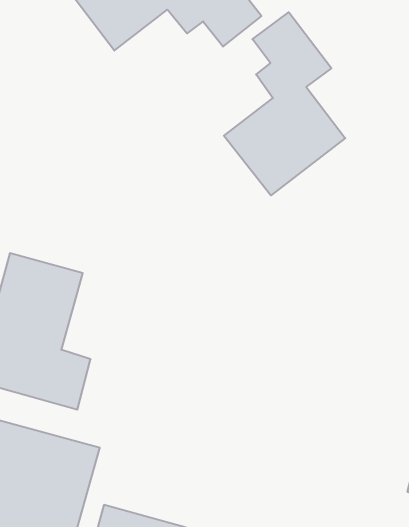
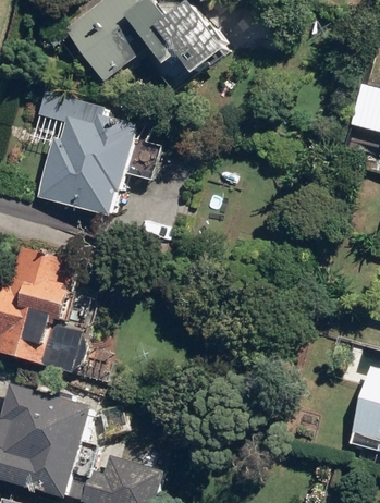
building: [224,12,345,195] -> none
building: none -> [35,90,138,219]

